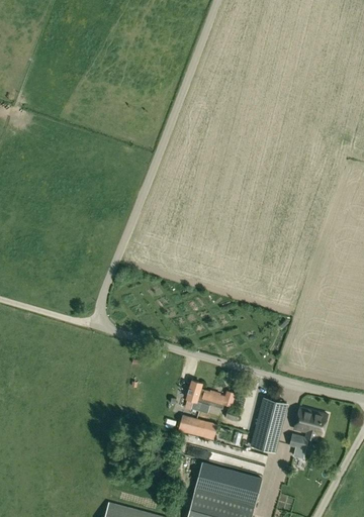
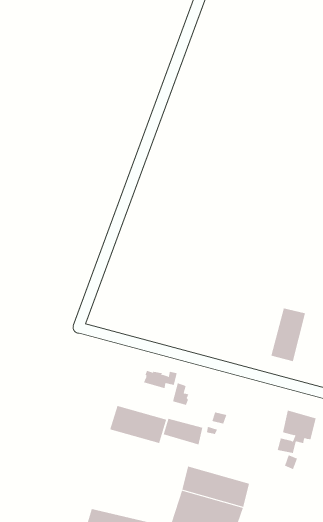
building: [200,390,234,408] -> [143,370,178,389]
building: [252,398,286,450] -> [271,308,306,362]
building: none -> [110,405,167,444]

